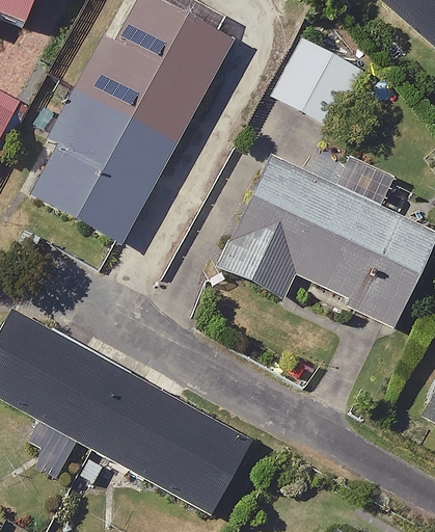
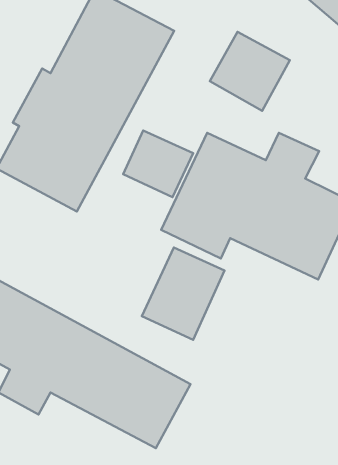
building: none -> [123,131,193,197]
building: none -> [142,248,224,340]

